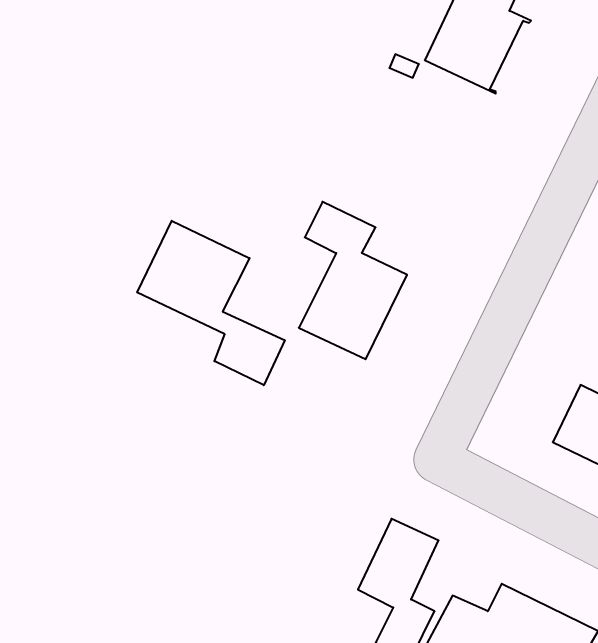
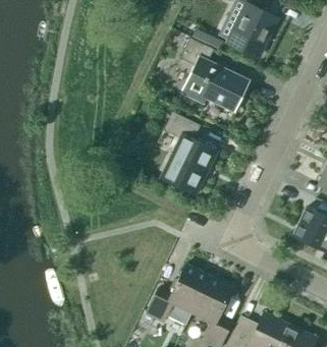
building: none -> [180,38,251,113]
building: [137,221,285,385] -> none
building: none -> [146,265,209,323]

